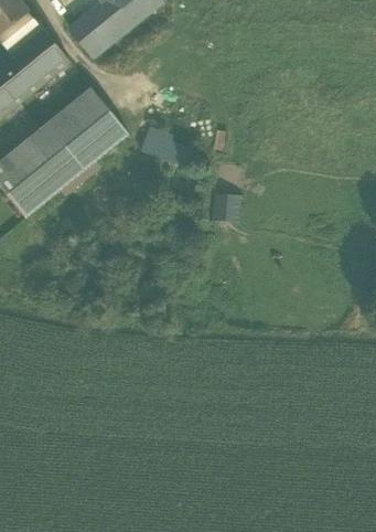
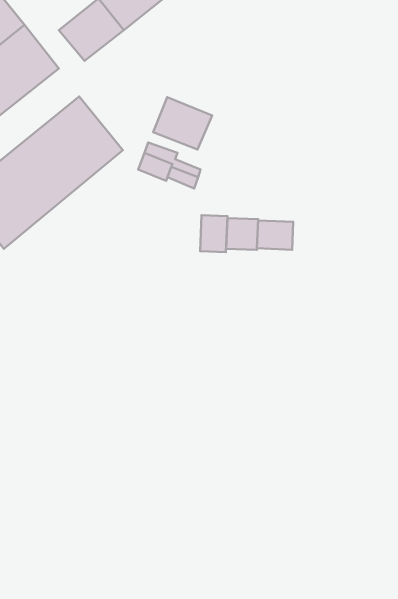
building: none -> [153,97,212,149]
building: none -> [200,215,227,252]
building: none -> [257,220,293,250]

